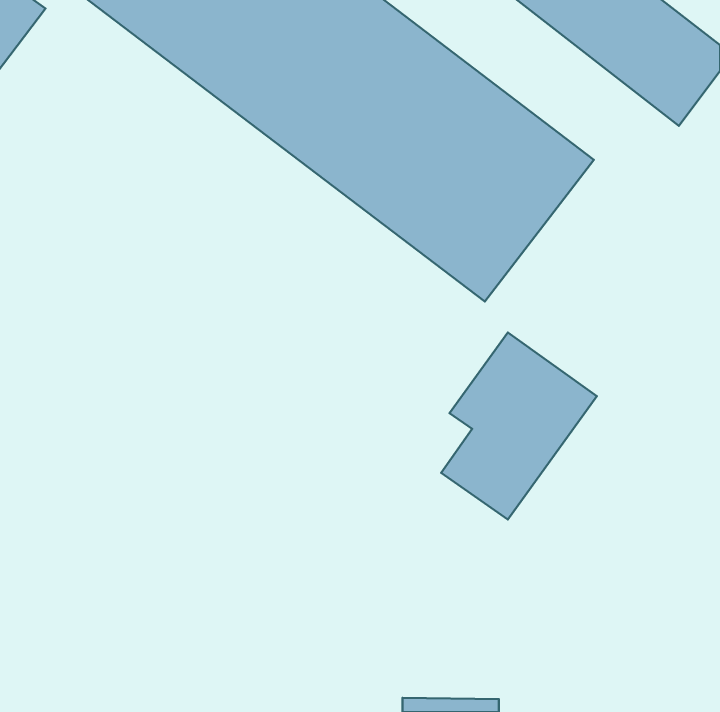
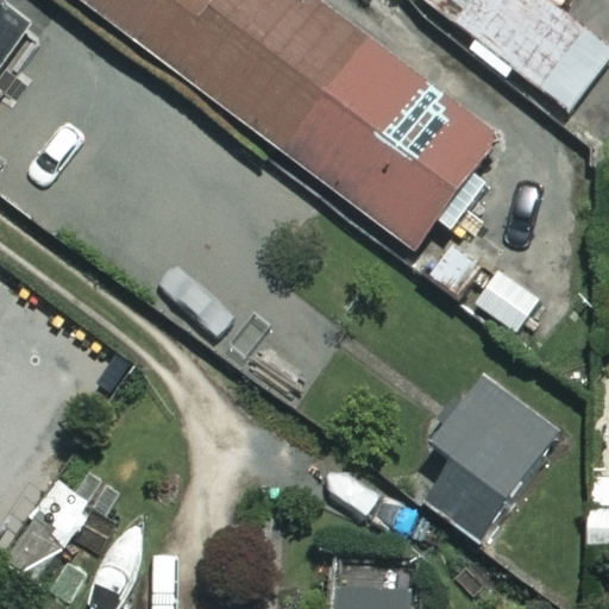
building: [441,333,597,519] -> [427,375,558,532]

